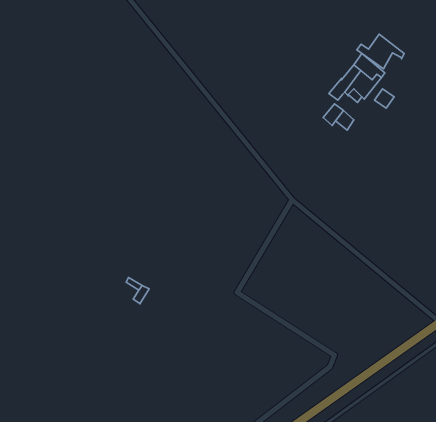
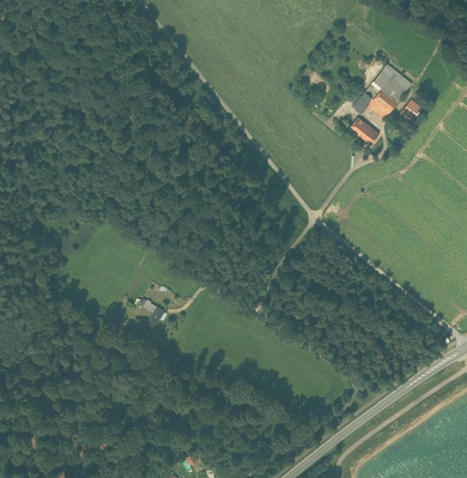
building: [357,34,404,69] -> none

